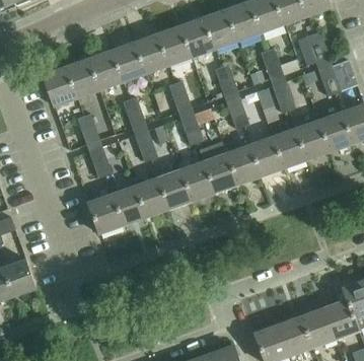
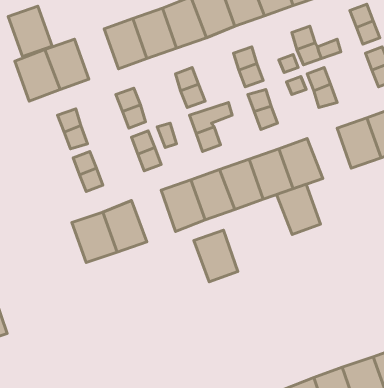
building: [89,50,124,89] -> [8,6,52,57]
building: [272,128,306,167] -> [277,184,321,235]
building: [134,176,168,217] -> [194,230,238,282]

